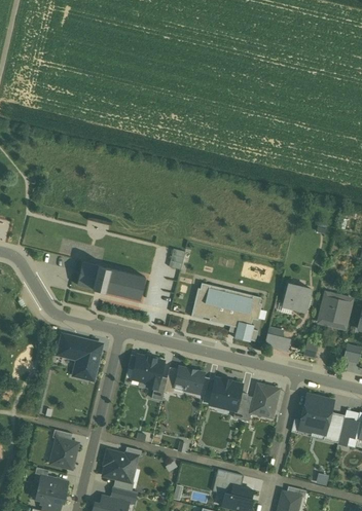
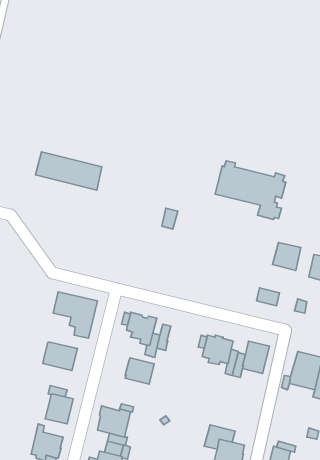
building: [77,261,145,300] -> [35,152,102,190]
building: [190,282,262,341] -> [215,161,286,219]
building: [174,366,204,393] -> [125,358,154,384]
building: none -> [43,342,77,371]

